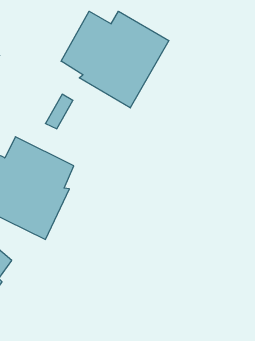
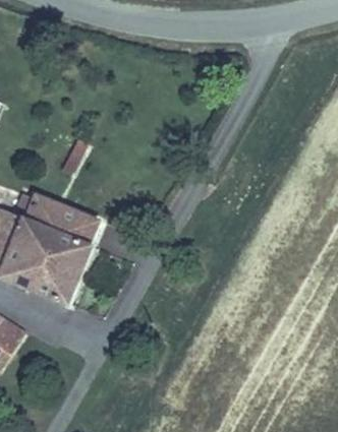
building: [61,11,169,108] -> none

